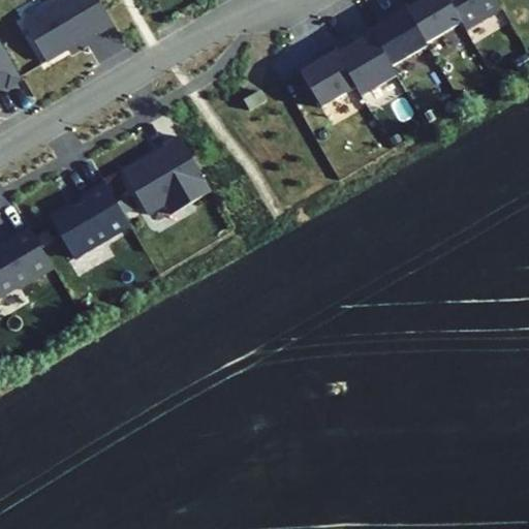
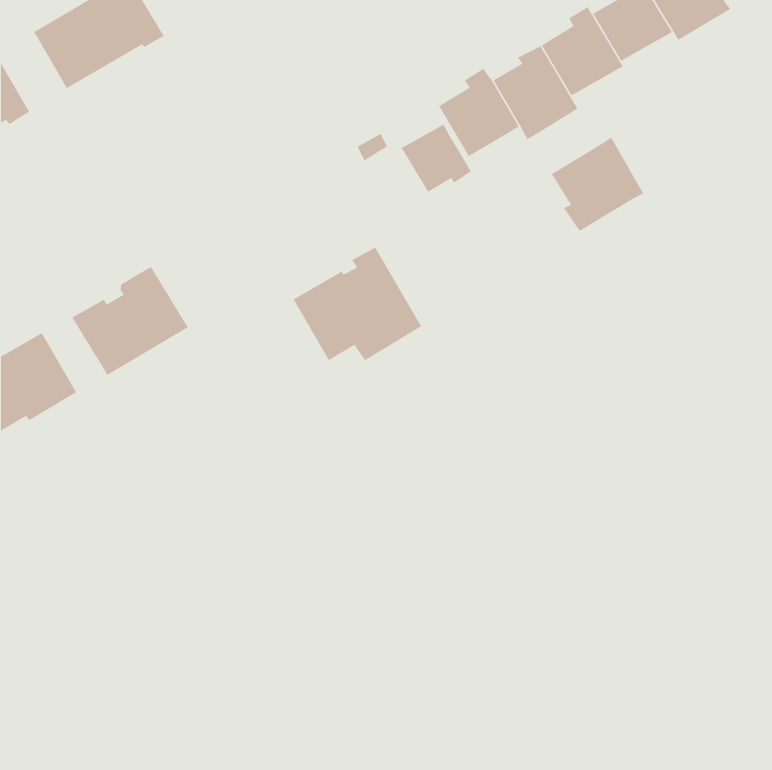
building: none -> [400,123,472,193]
building: none -> [551,137,644,232]
building: [122,135,211,214] -> [292,246,422,361]

